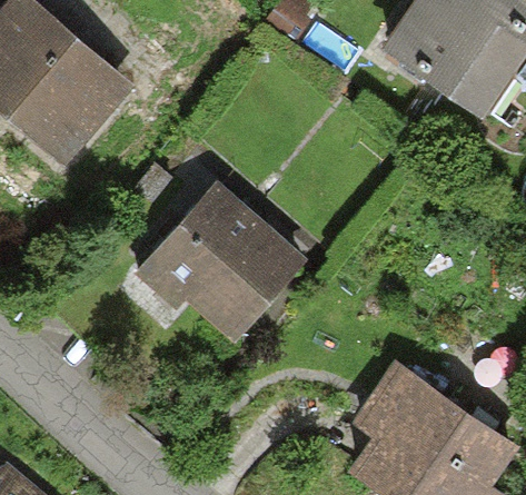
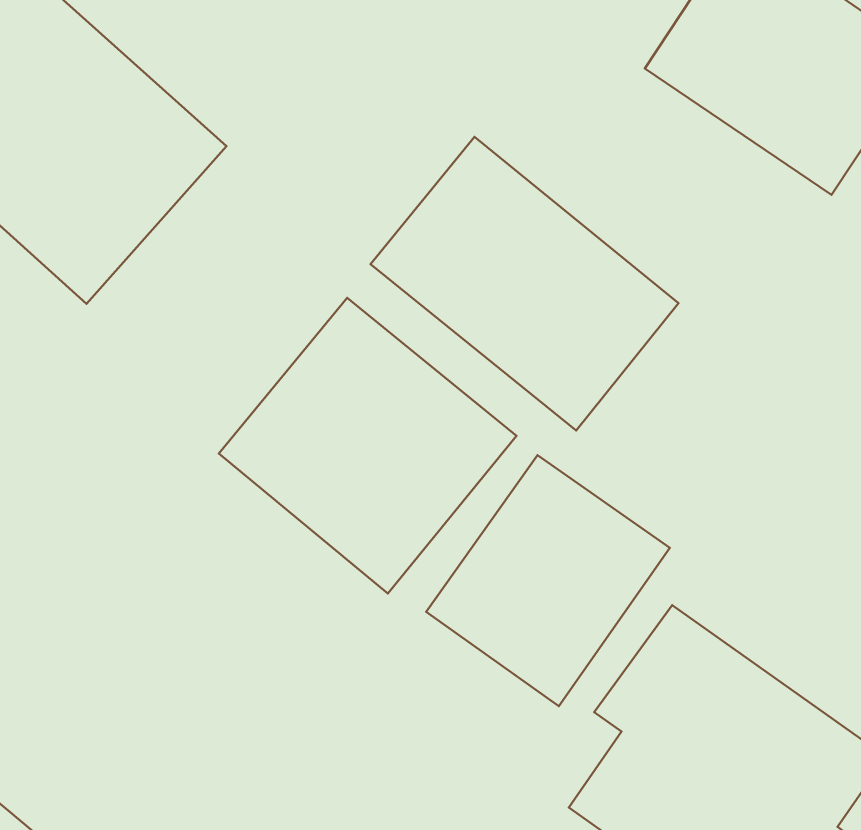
building: none -> [370,137,678,430]
building: none -> [426,455,670,706]

